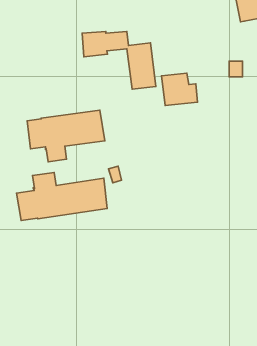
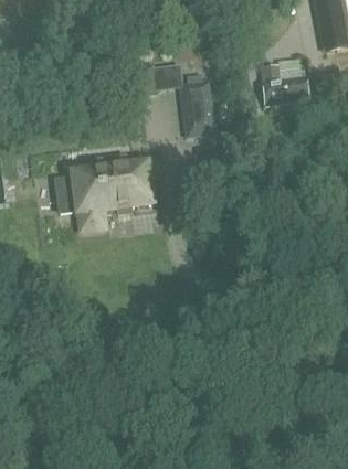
building: [162,73,197,106] -> [262,62,307,103]
building: [17,173,107,221] -> none

